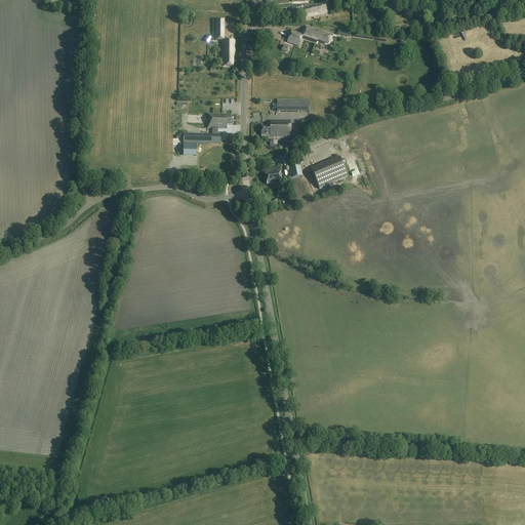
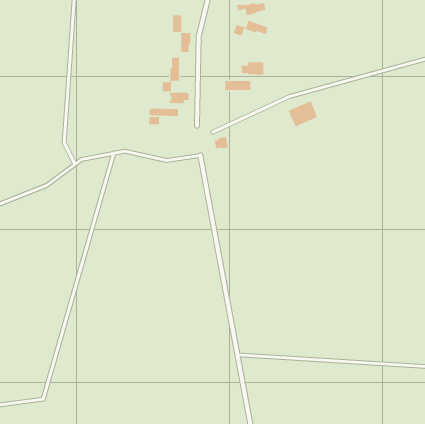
building: none -> [162,57,179,92]
building: [261,120,290,136] -> [241,62,264,75]
building: [311,156,348,189] -> [288,101,318,127]

